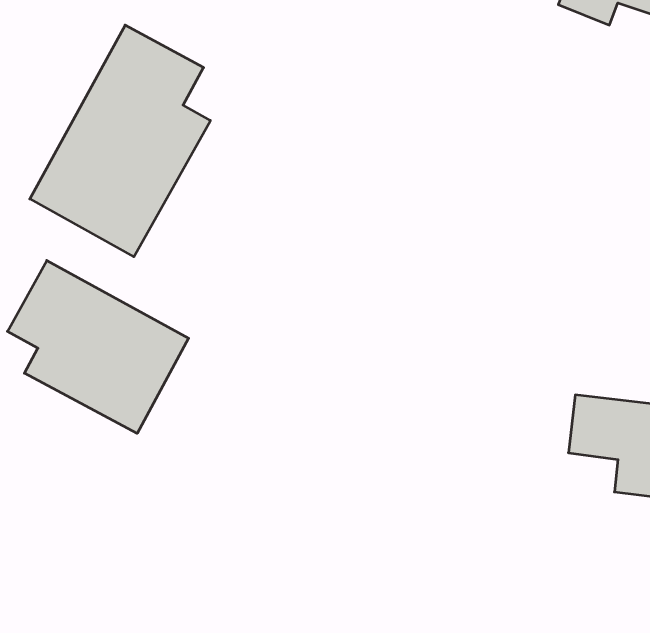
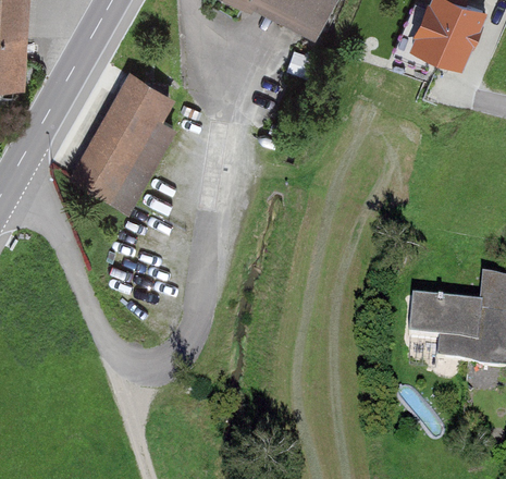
building: [7,260,189,433] -> none

